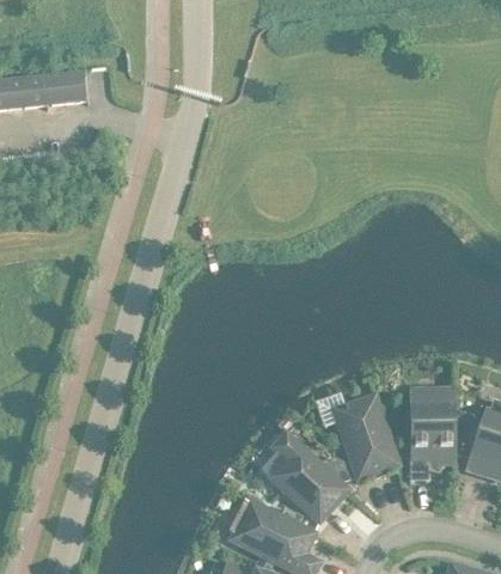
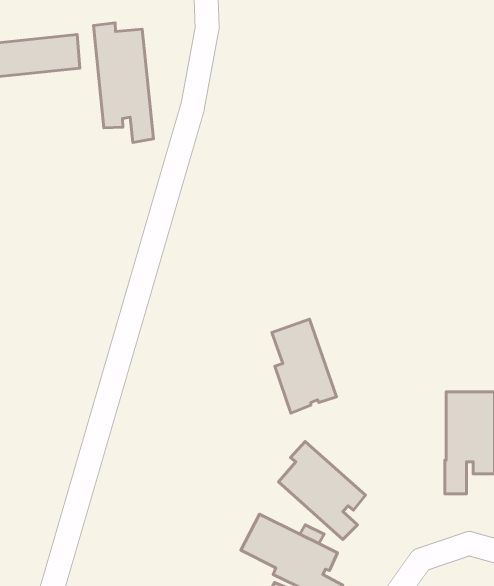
building: none -> [94,23,153,142]
building: [341,395,398,478] -> [272,319,336,413]

